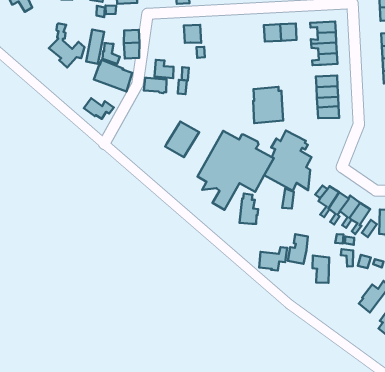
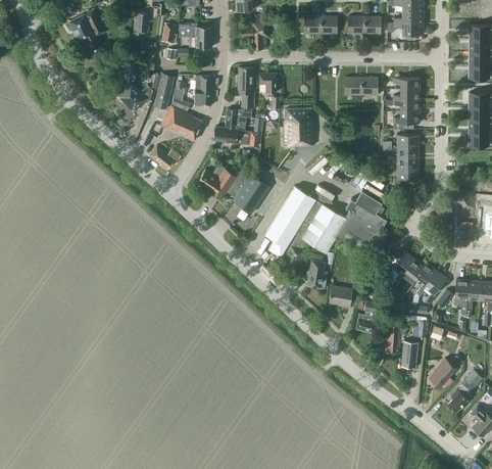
building: none -> [238,67,254,107]
building: [253,87,283,123] -> [284,108,314,145]
building: none -> [196,165,249,199]
building: [259,247,287,270] -> [330,282,360,307]
building: none -> [401,340,417,368]

